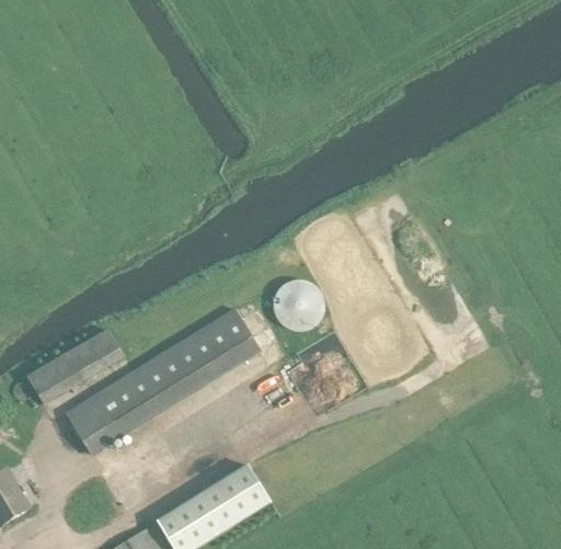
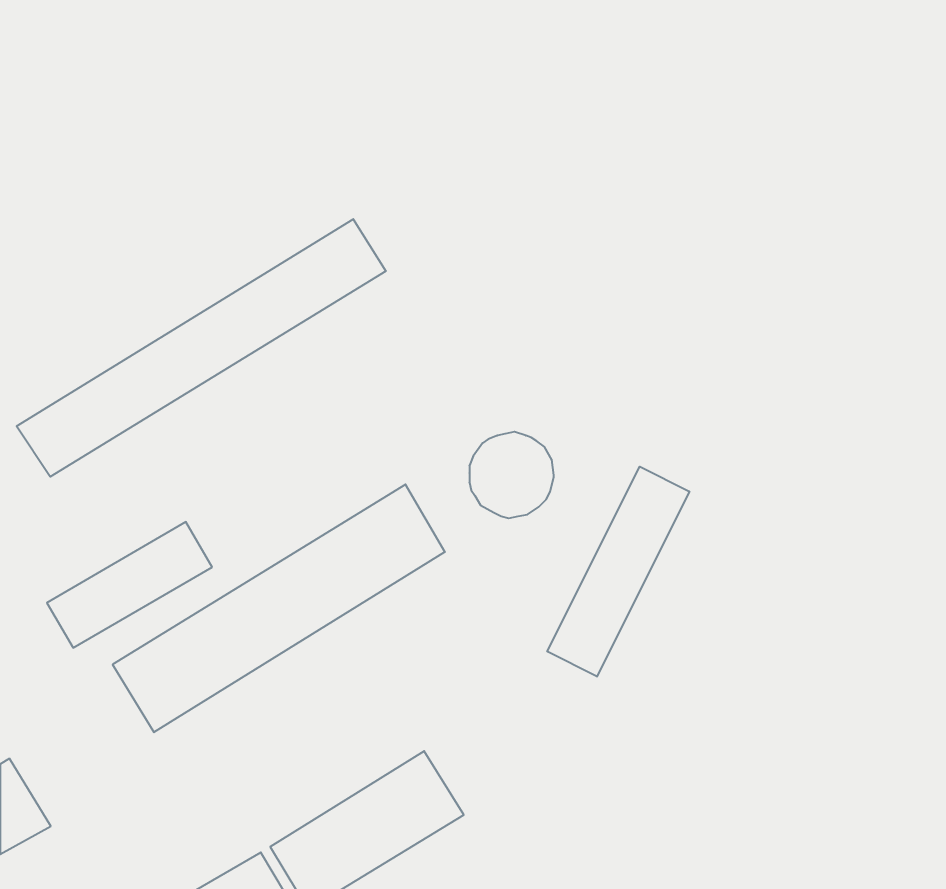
building: none -> [17,219,386,477]
building: none -> [547,467,689,677]

